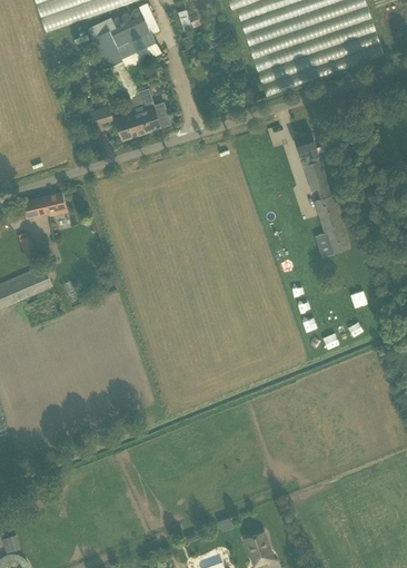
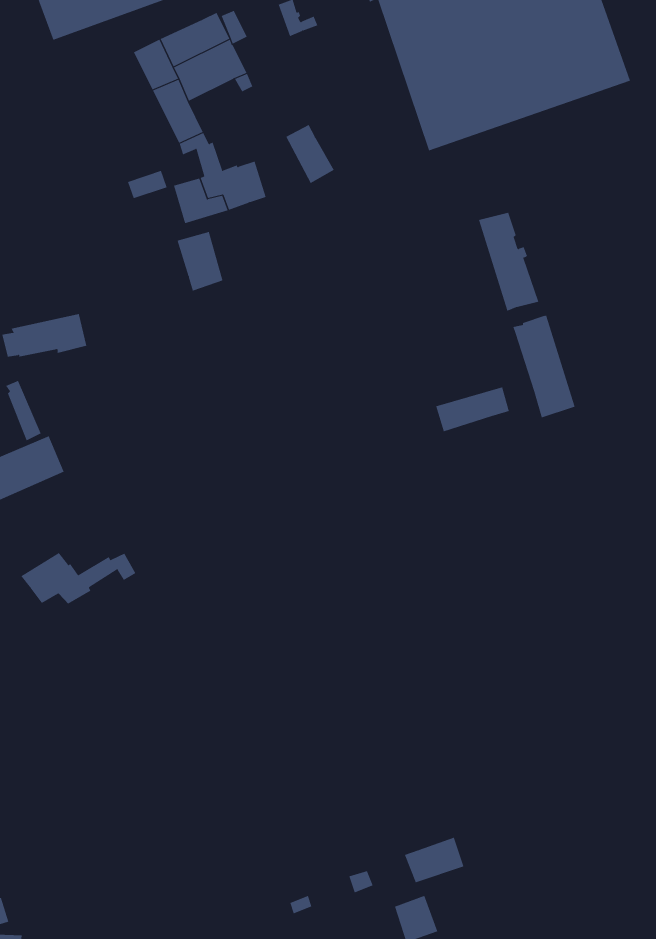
building: none -> [285,124,335,184]
building: none -> [177,231,223,292]
building: none -> [435,386,510,432]
building: none -> [21,552,136,604]
building: none -> [404,837,464,883]

